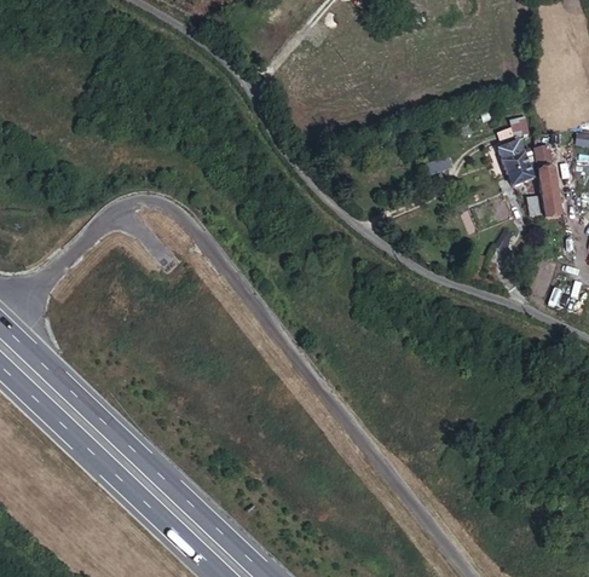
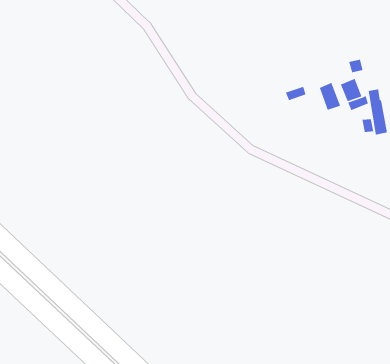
building: none -> [319,82,341,111]

